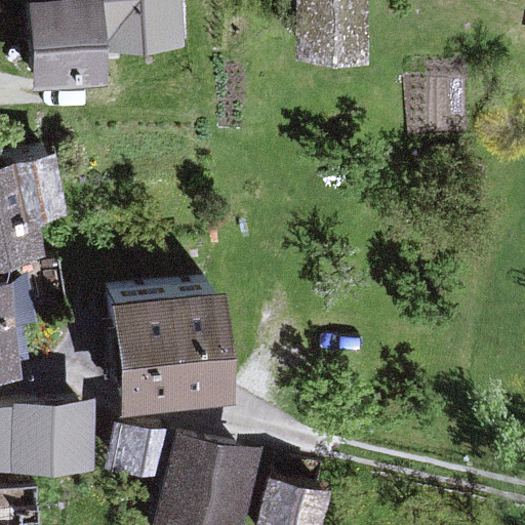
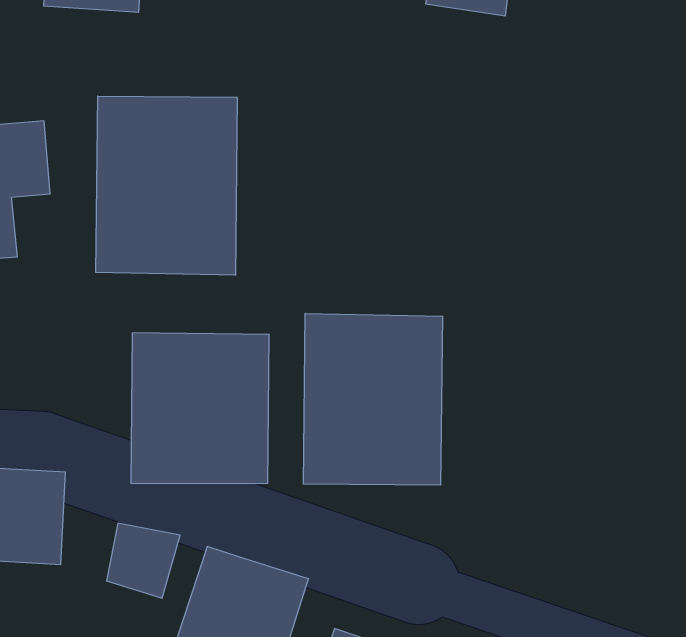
building: none -> [96,96,237,275]
building: none -> [304,313,443,485]

